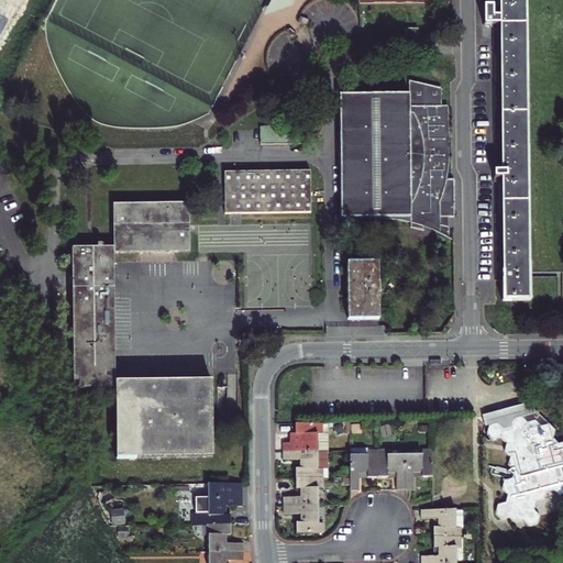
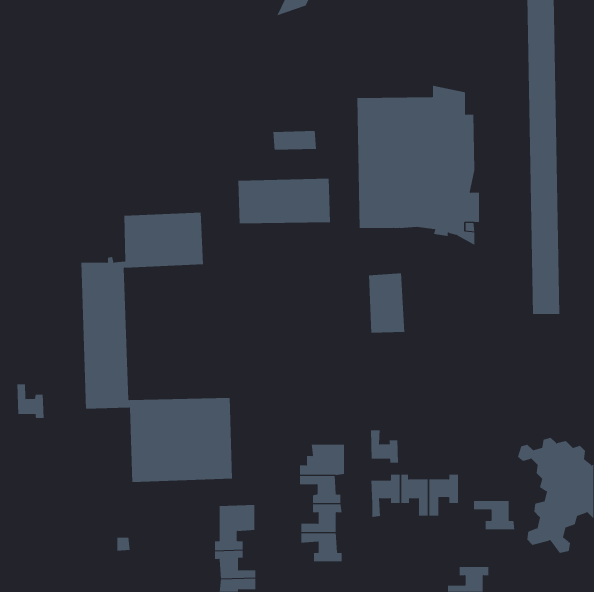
building: none -> [17,384,44,419]
building: none -> [370,430,399,463]
building: [422,507,462,534] -> [473,501,515,530]

